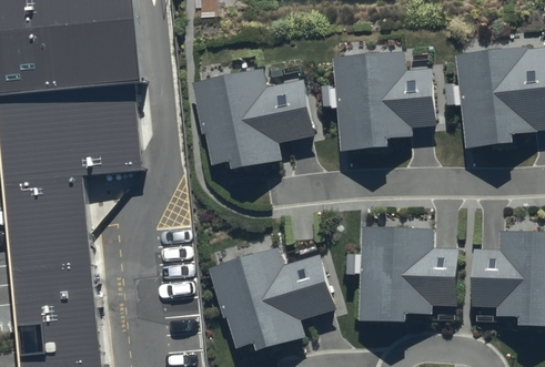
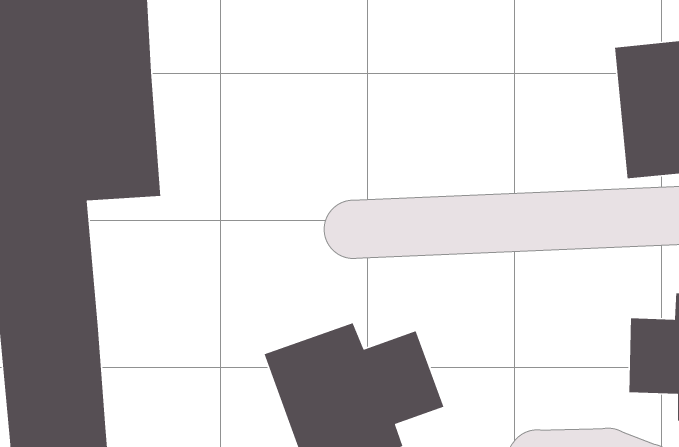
building: [330,49,435,151] -> none
building: [191,68,315,170] -> none
building: [362,225,456,324] -> none

